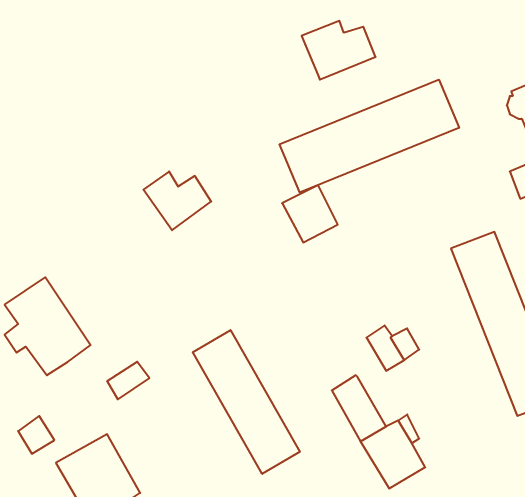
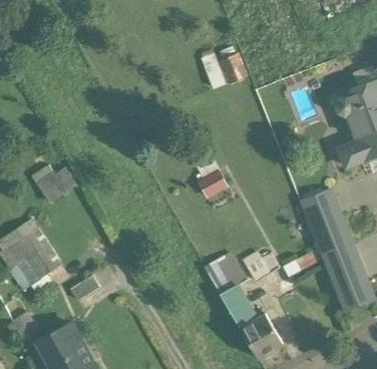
building: [280,80,459,193] -> none
building: [143,171,211,230] -> [32,164,77,204]
building: none -> [206,253,248,295]
building: [193,330,300,474] -> none

